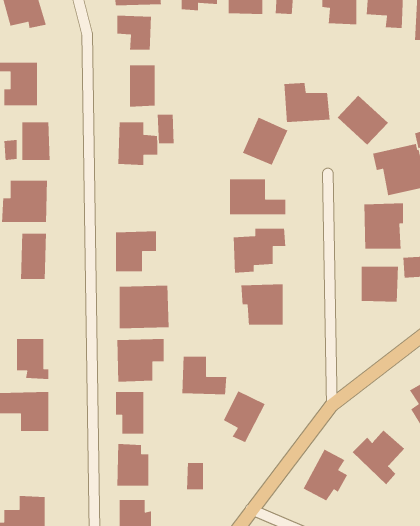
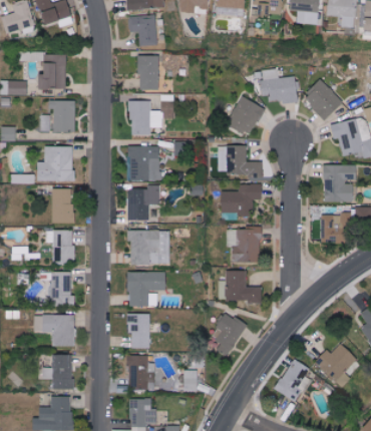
building: none -> [127,146,159,180]
building: none -> [51,230,74,264]
building: [182,356,227,395] -> [225,271,261,302]
building: none -> [52,354,71,389]

